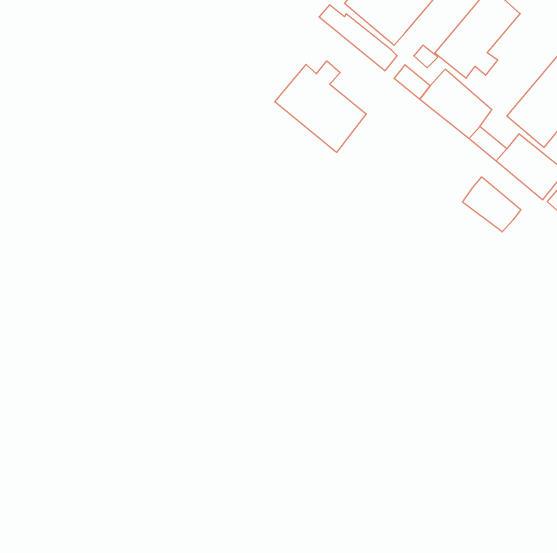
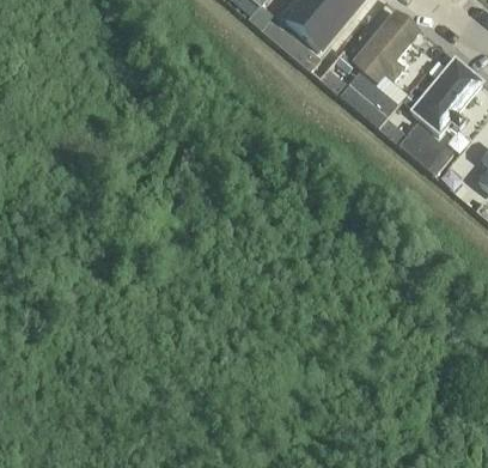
building: [275,61,366,152] -> none
building: [462,177,521,232] -> none

